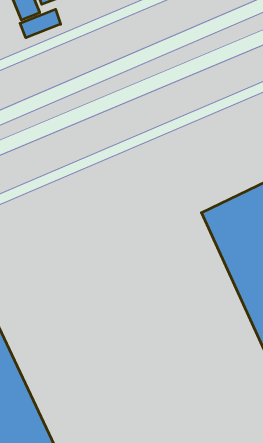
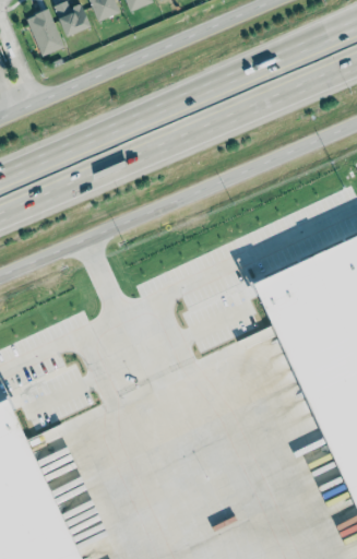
building: [20,9,61,38] -> none

